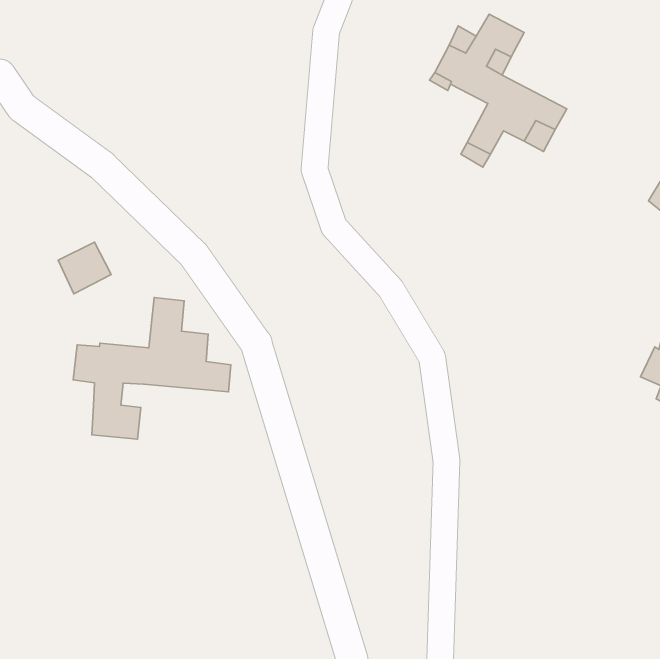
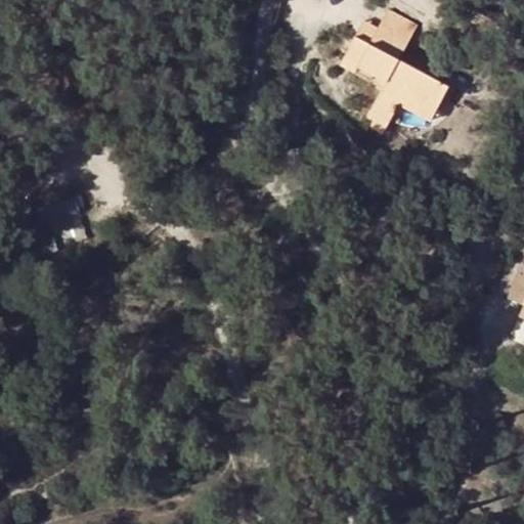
building: [73,298,231,439] -> none

